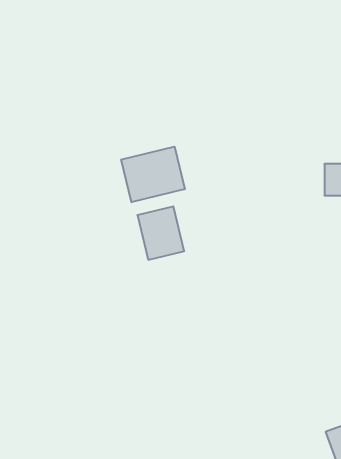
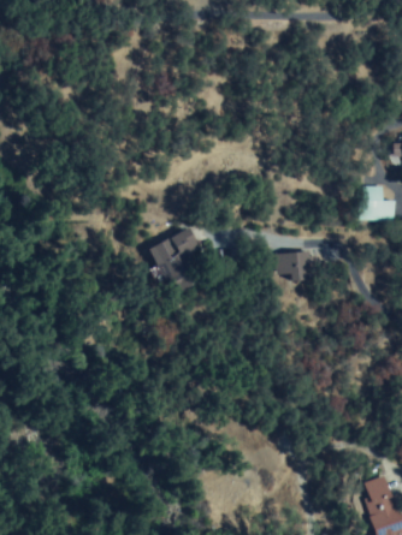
building: [121,147,185,202] -> none
building: none -> [273,252,317,280]

